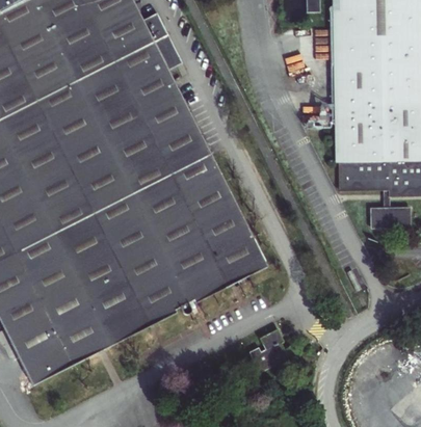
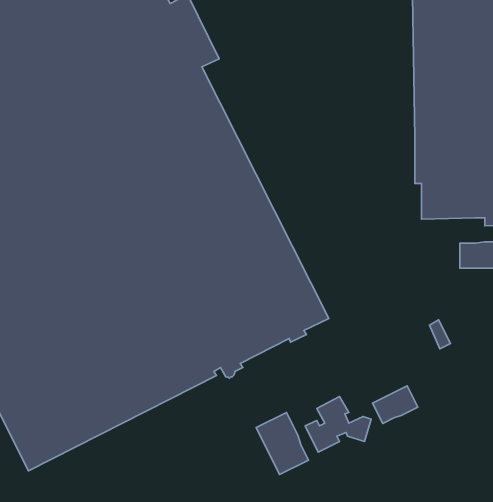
building: none -> [373,386,418,423]
building: none -> [256,412,308,475]

